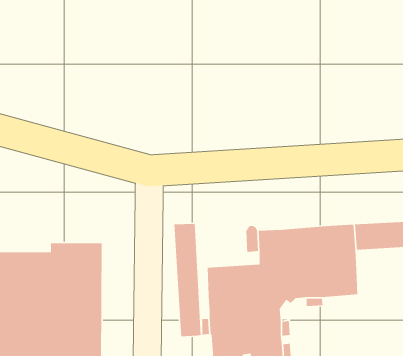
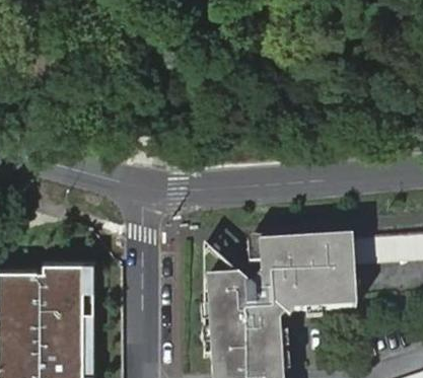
building: [174,223,202,337] -> none

